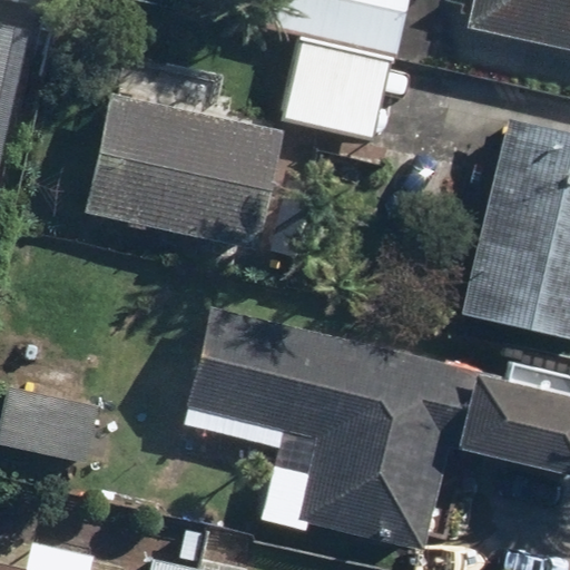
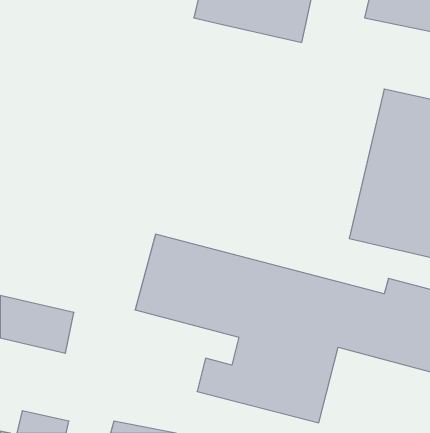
building: [278,32,401,140] -> none
building: [79,95,288,254] -> none

